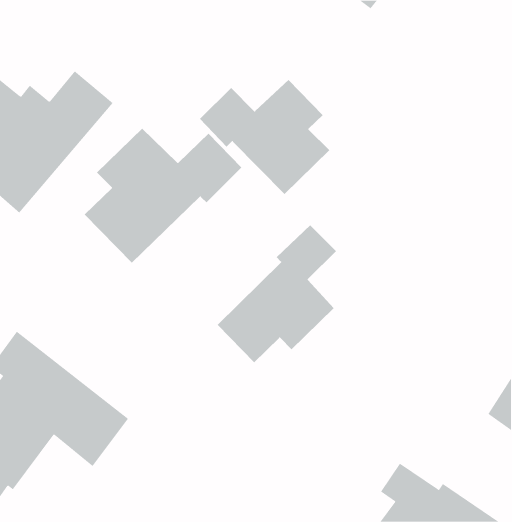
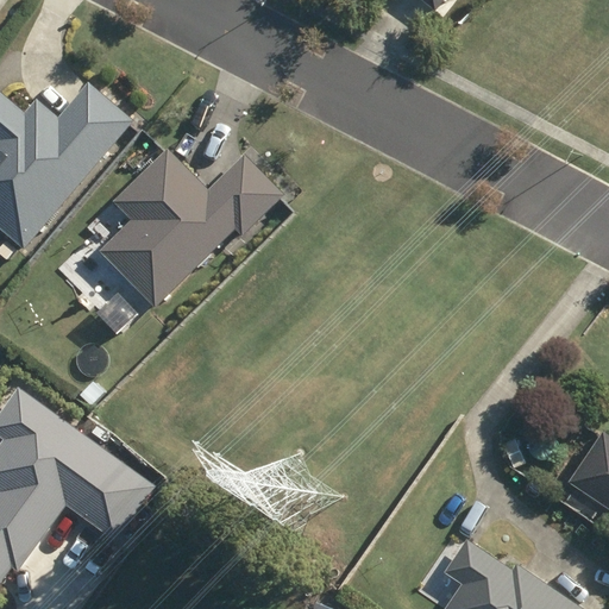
building: [199,79,330,195] -> none
building: [217,224,337,363] -> none

